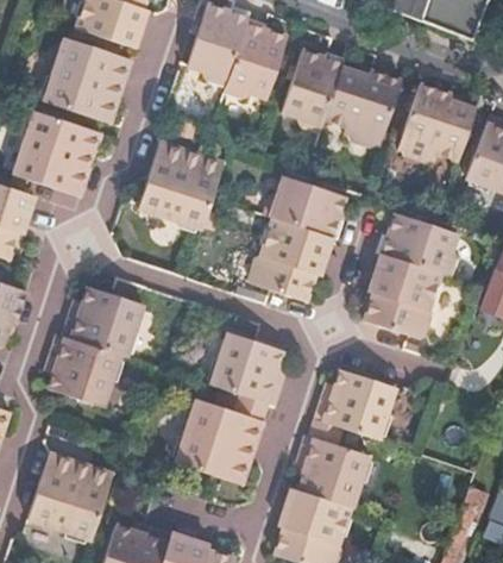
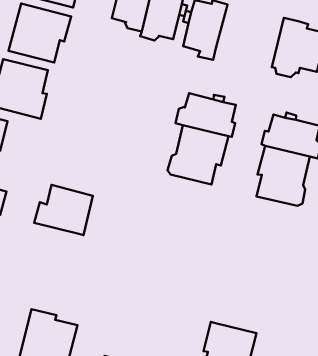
building: [325,67,402,149] -> none
building: [138,142,222,230] -> none
building: [210,332,283,406] -> none
building: [48,334,121,409] -> none
building: [315,370,396,440] -> none
building: [176,399,263,482] -> none
building: [296,436,370,508] -> none

